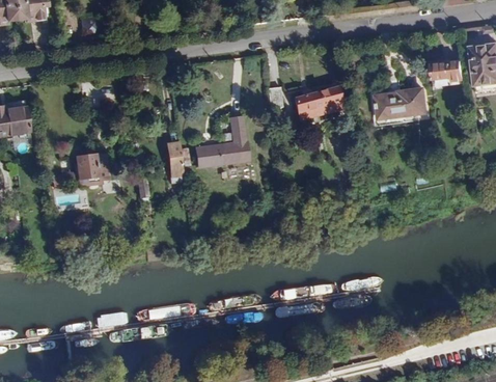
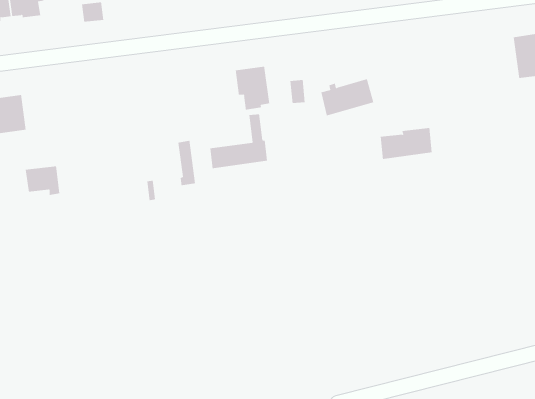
building: [431,57,464,77] -> none
building: none -> [235,66,270,111]
building: [382,91,430,120] -> [380,127,432,159]
building: [75,153,107,180] -> [25,166,60,196]

